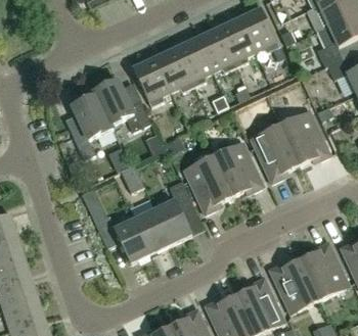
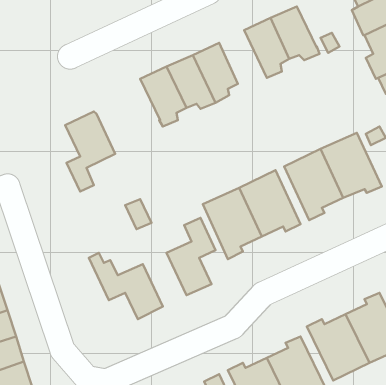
building: [197,27,236,71] -> none
building: [94,79,151,131] -> none
building: [135,208,171,252] -> none

